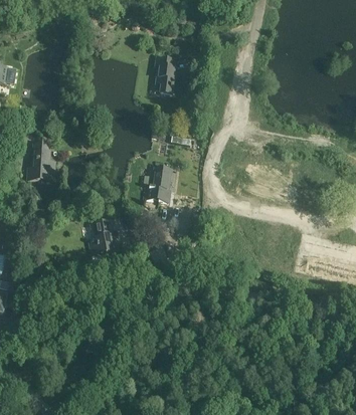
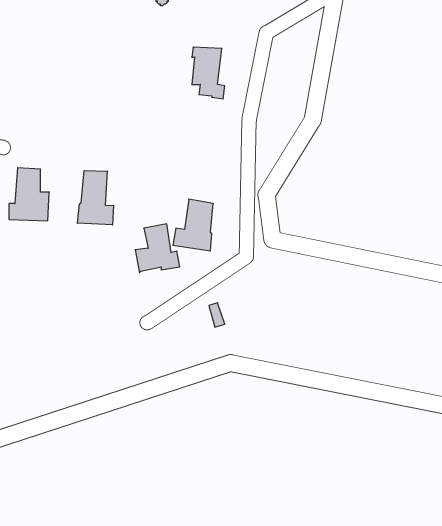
building: none -> [77,171,113,225]
building: [86,219,118,253] -> [135,224,180,273]

